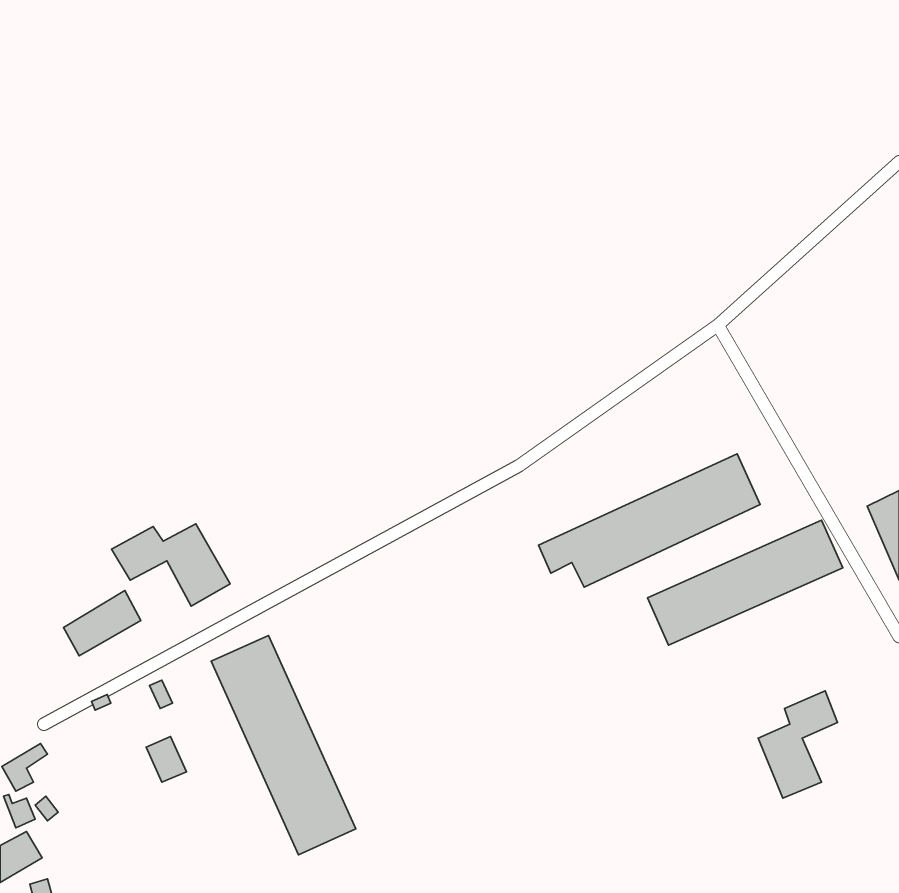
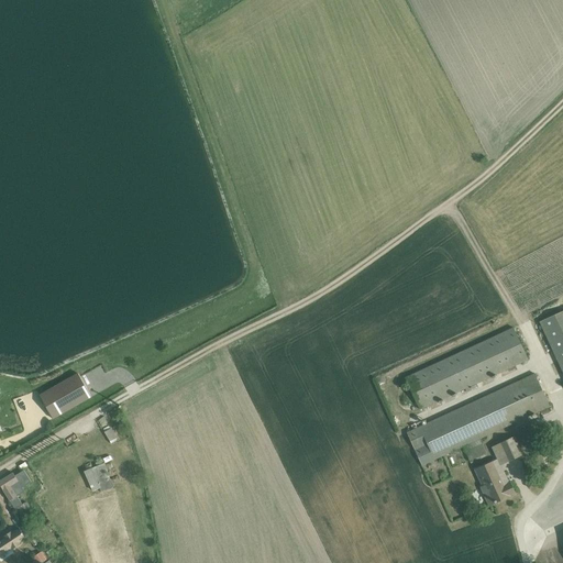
building: [538,454,760,587] -> [406,375,544,459]
building: [112,524,230,606] -> none
building: [211,635,356,855] -> none

